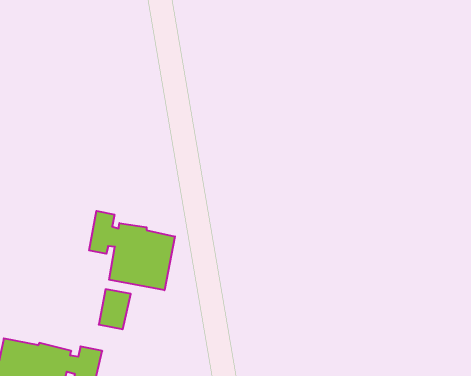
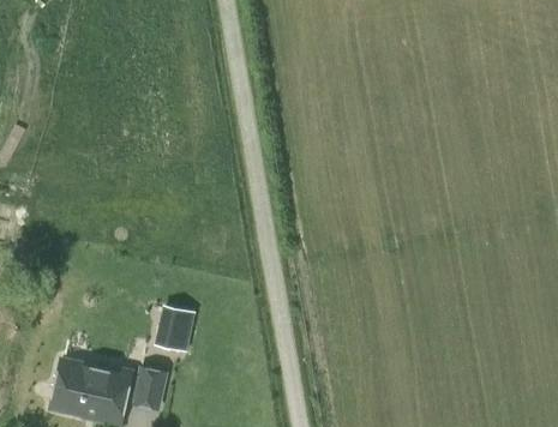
building: [89,211,175,290] -> none

